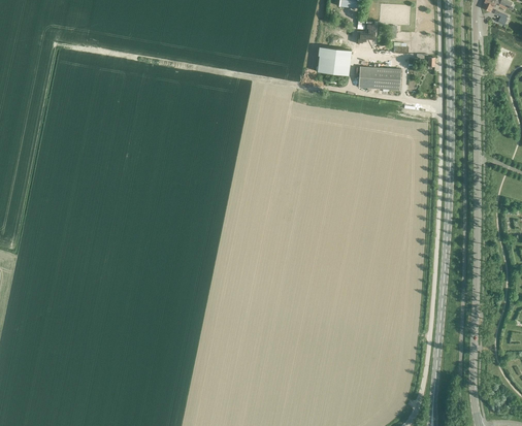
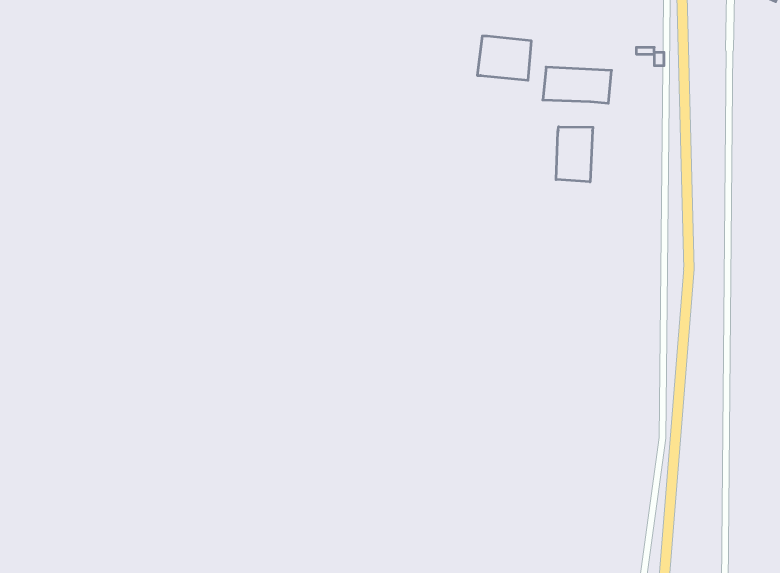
building: none -> [556,127,593,182]

